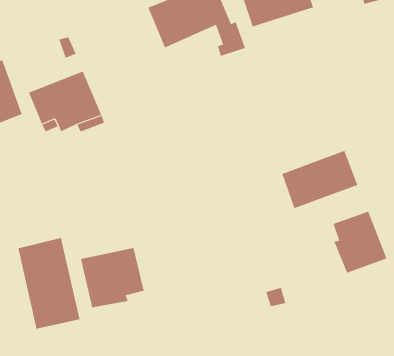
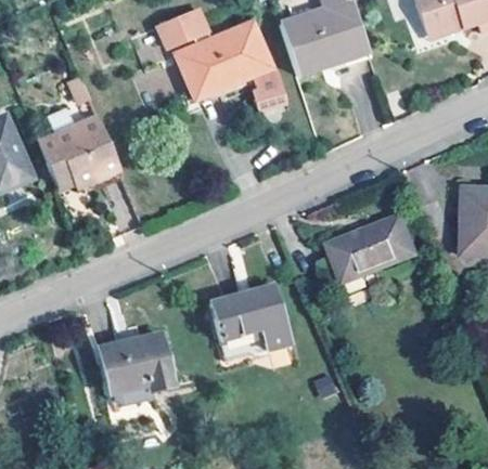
building: none -> [211,281,288,352]
building: [333,211,387,273] -> none
building: [18,237,80,330] -> none

